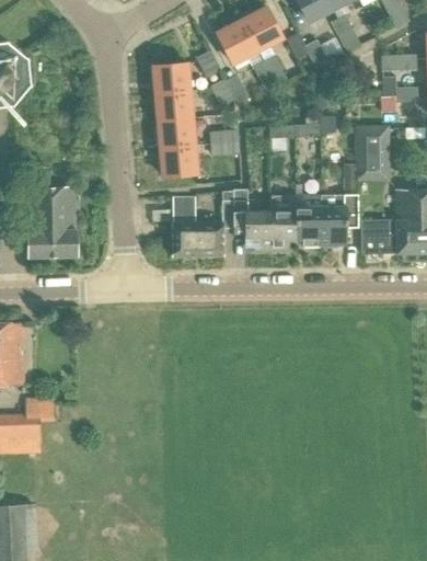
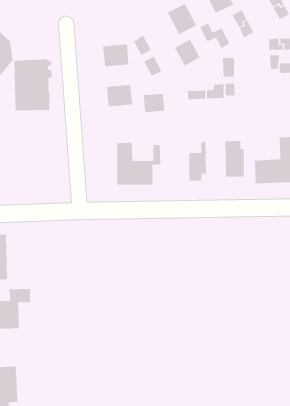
building: [217,19,258,62] -> none
building: [157,90,193,121] -> none
building: [349,125,393,182] -> none
building: [161,145,198,176] -> none
building: [27,185,81,256] -> [13,59,53,111]
building: [232,190,272,250] -> none
building: [296,195,322,244] -> none

